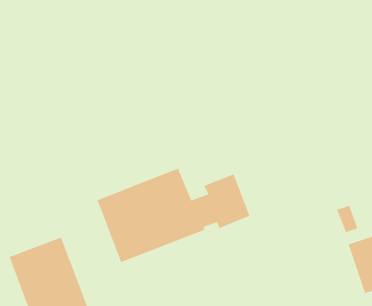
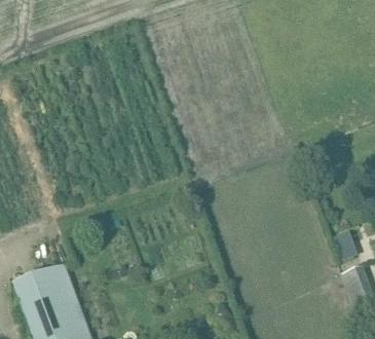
building: [97,168,250,263] -> none

